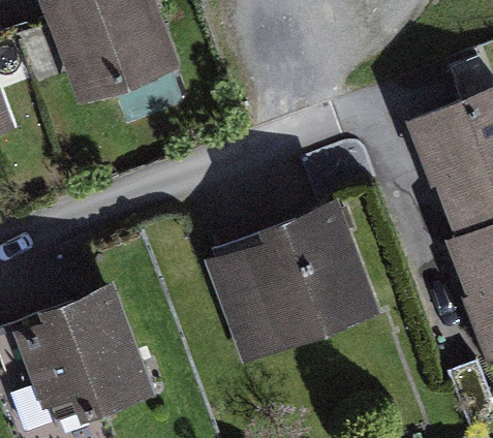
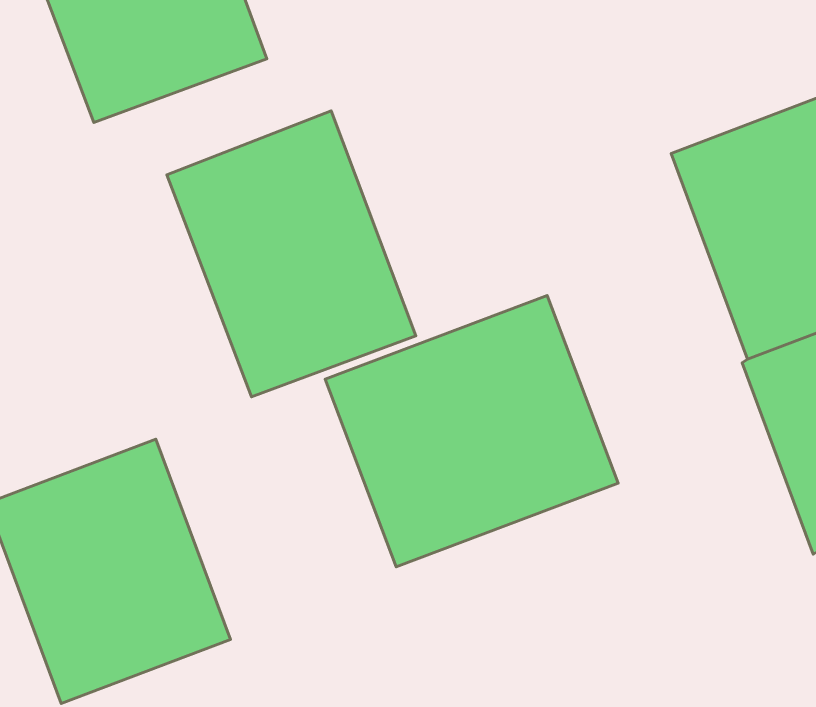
building: none -> [167,111,416,397]

